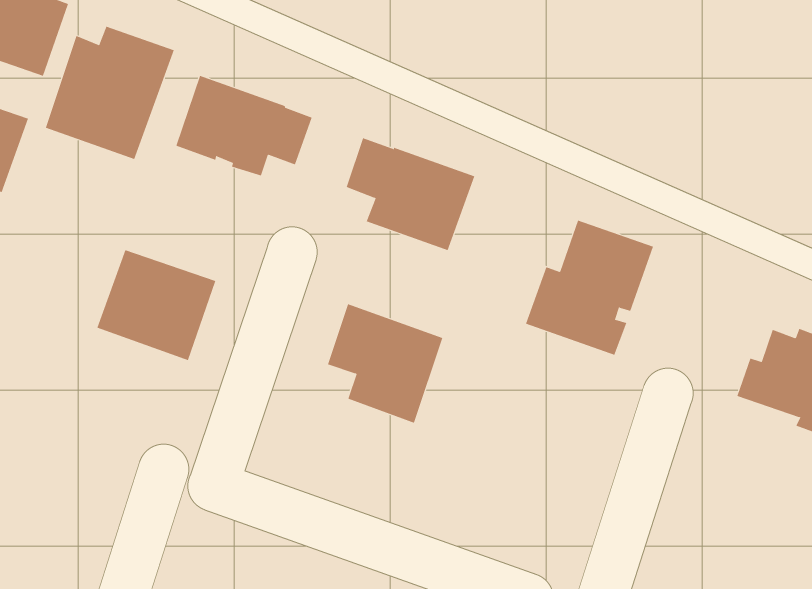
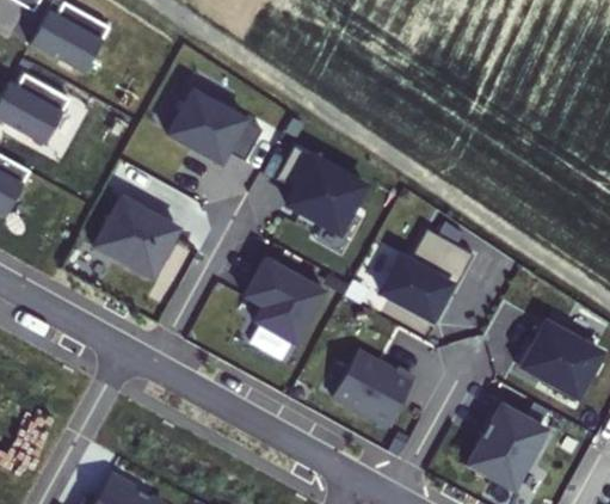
building: [45,26,174,160] -> none
building: none -> [329,352,412,429]
building: none -> [464,405,543,491]

